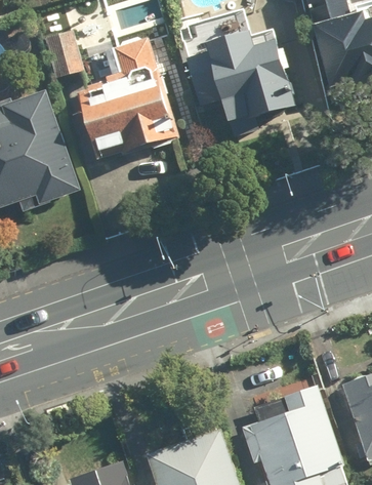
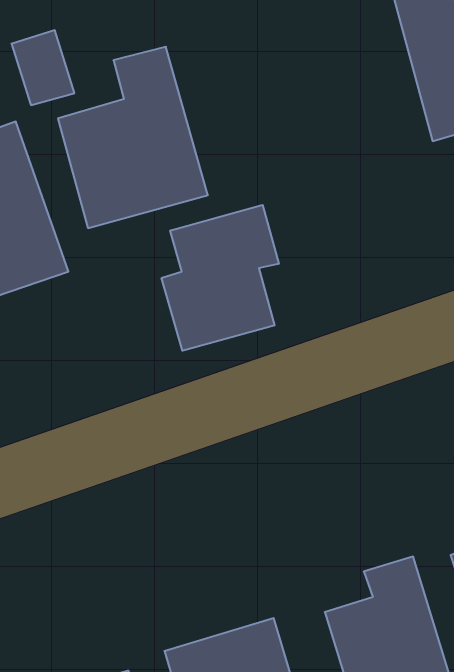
building: [182,42,297,128] -> none
building: none -> [162,205,279,351]

